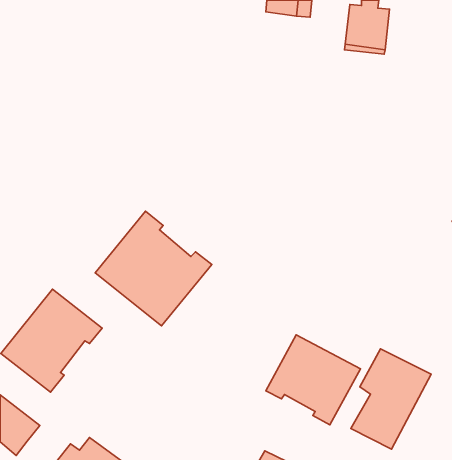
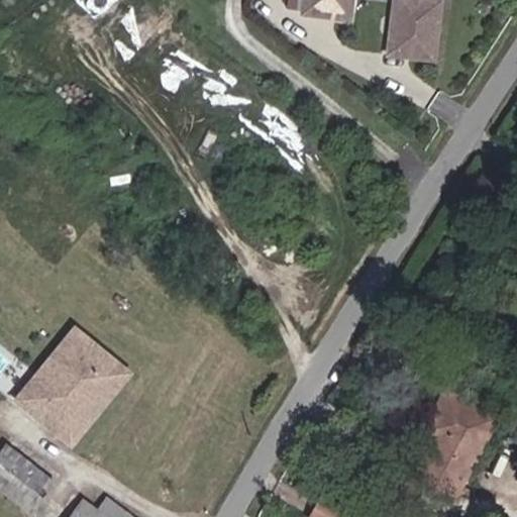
building: [95,211,212,326] -> none
building: [266,335,360,425] -> none

